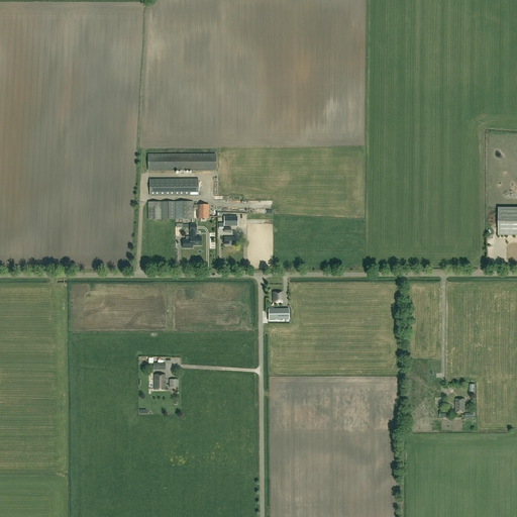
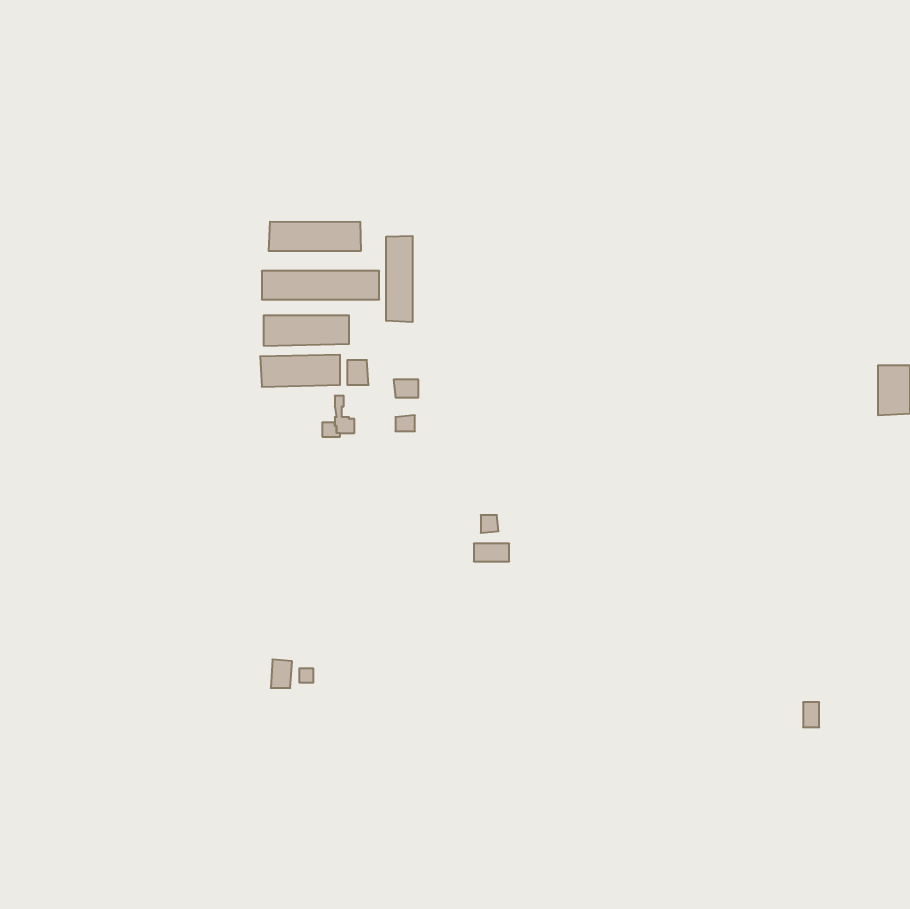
building: none -> [269,222,361,251]
building: none -> [386,236,413,322]

